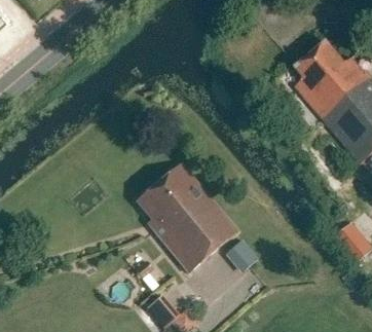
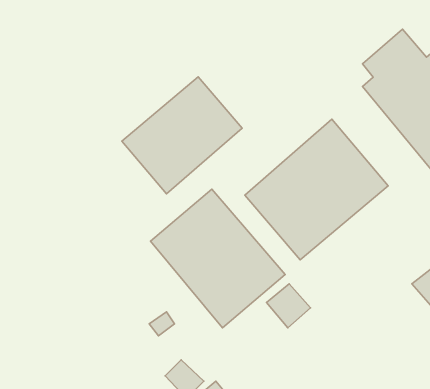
building: none -> [122,77,242,194]
building: none -> [245,119,388,260]

